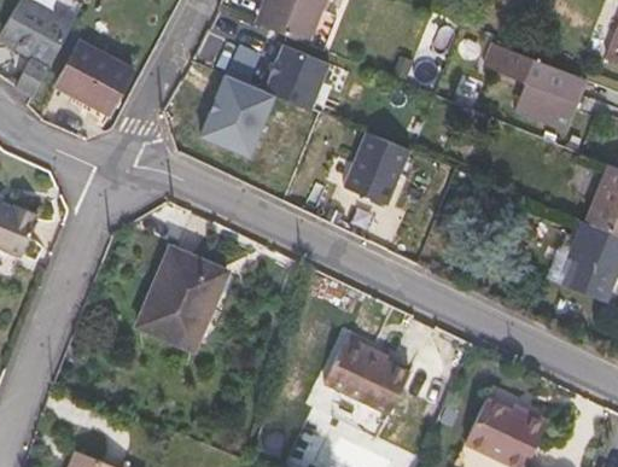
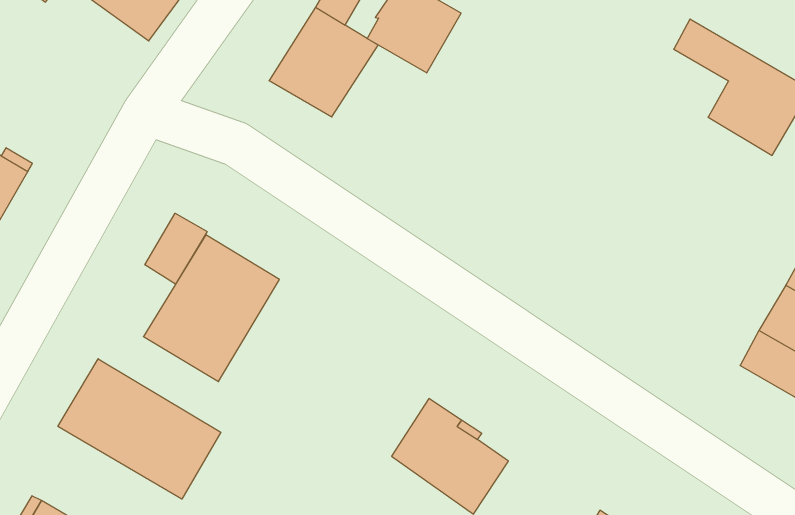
building: [346,133,408,197] -> none
building: none -> [145,213,207,284]
building: none -> [58,359,221,499]

